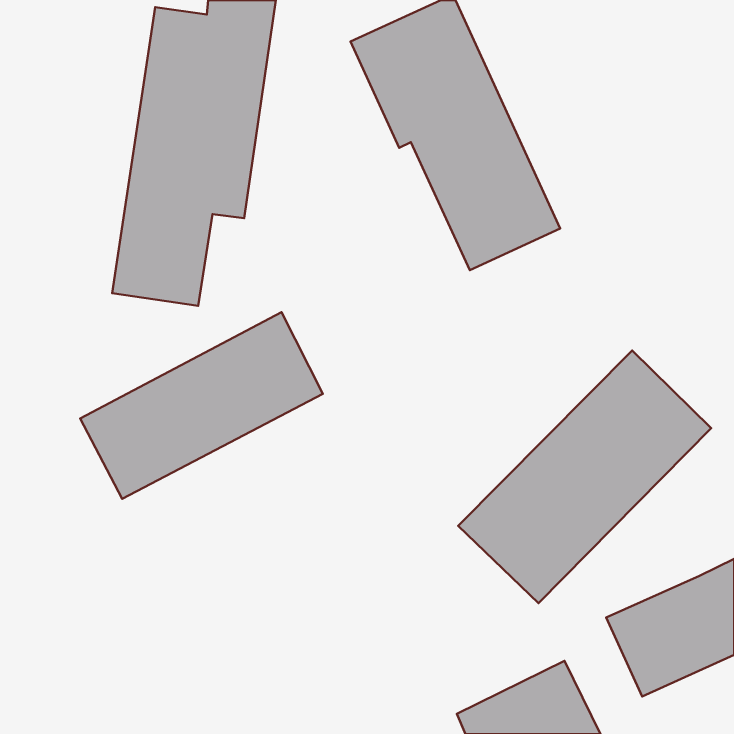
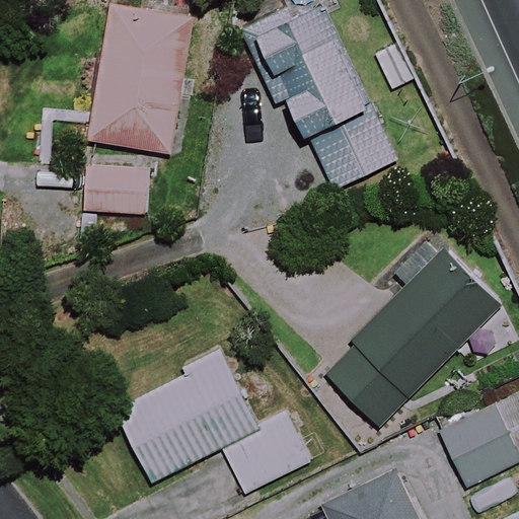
building: [80,312,323,499] -> none
building: none -> [116,355,310,495]

